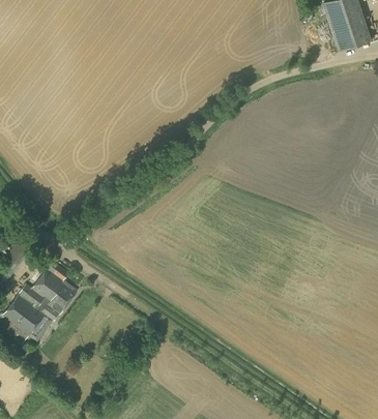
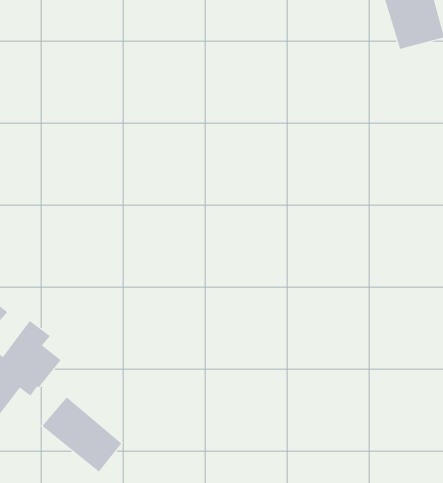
building: none -> [42,396,122,473]

